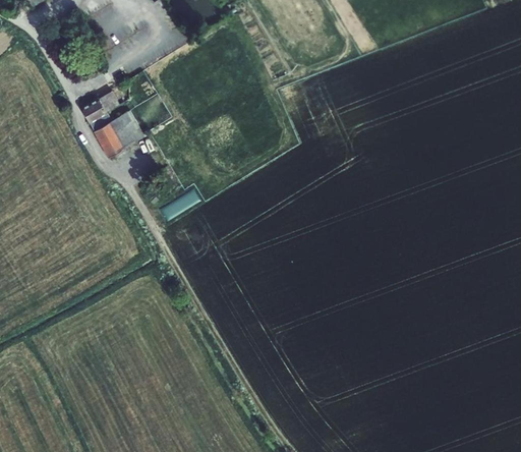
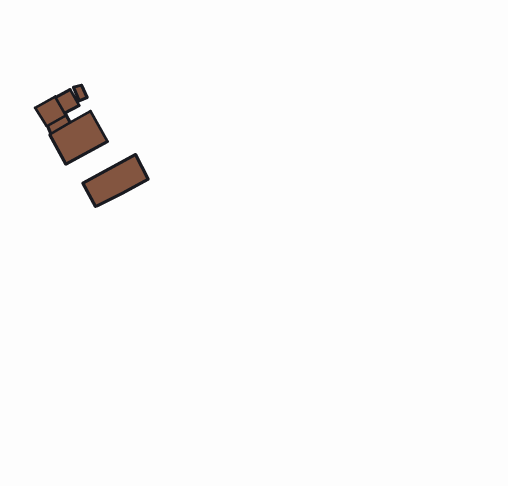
building: none -> [83,155,148,206]

